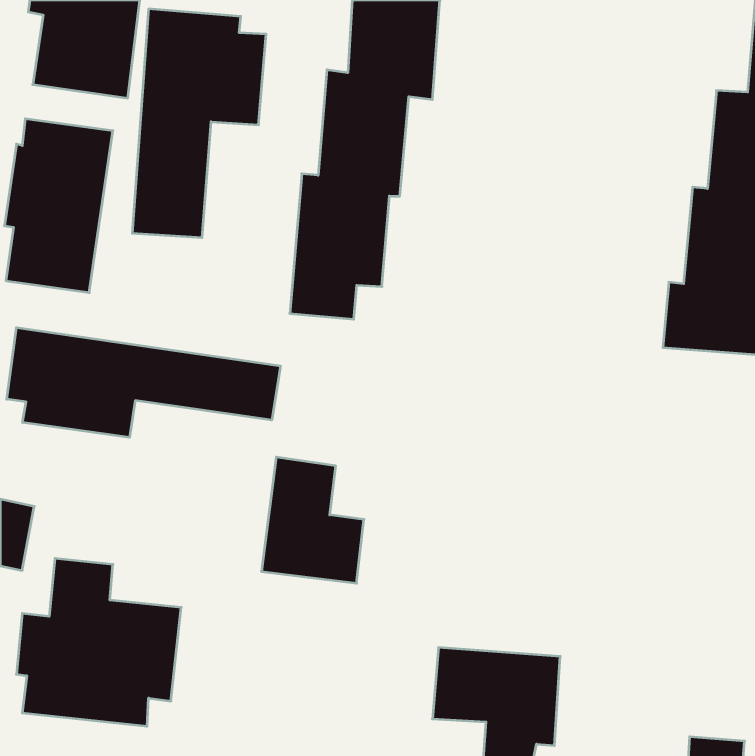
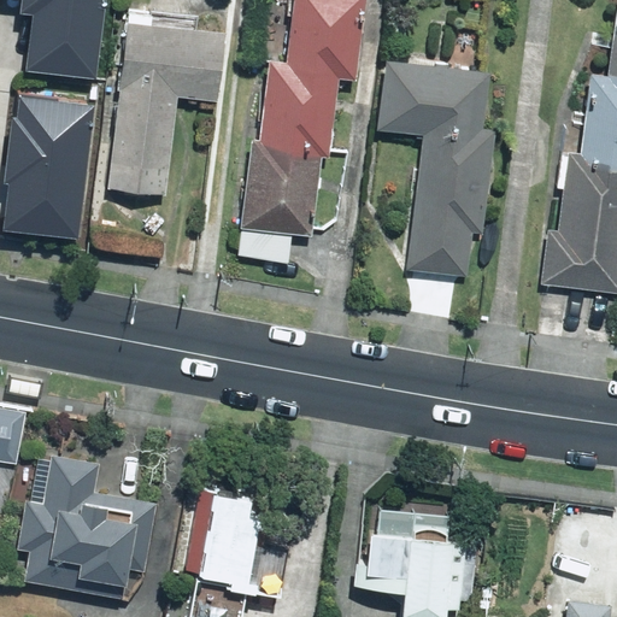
building: none -> [378,61,494,275]
building: [7,328,280,437] -> none
building: [261,457,364,583] -> [194,492,277,594]

